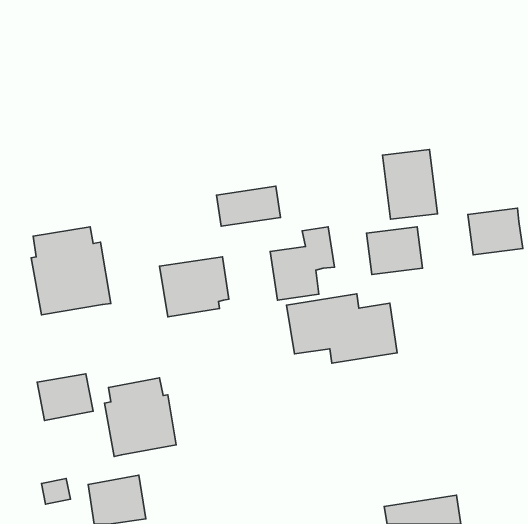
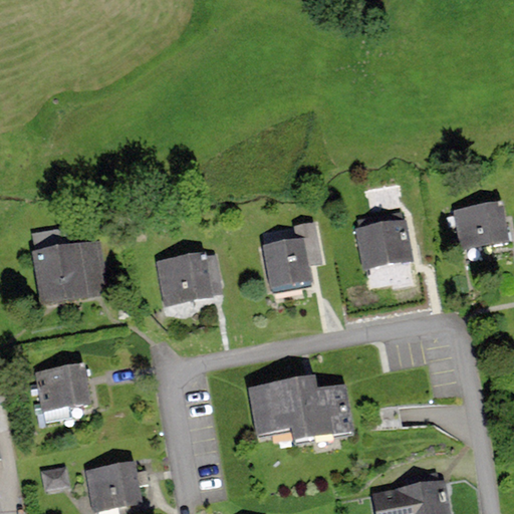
building: [383,149,438,219] -> none
building: [217,186,280,226] -> none
building: [286,294,397,363] -> [247,375,354,443]
building: [104,378,176,457] -> none

